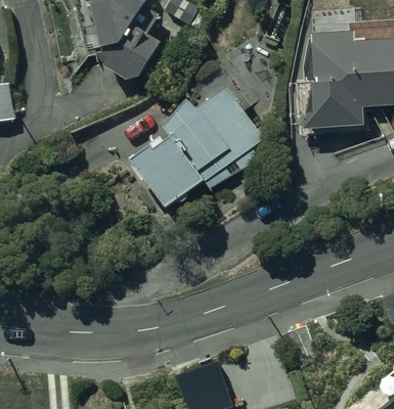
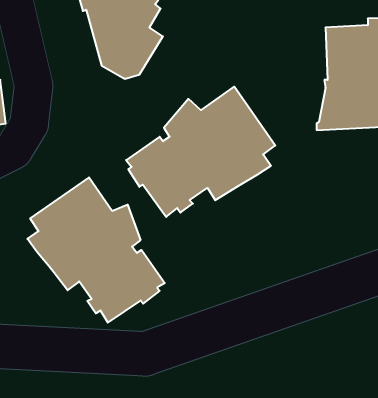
building: none -> [27,177,165,323]

